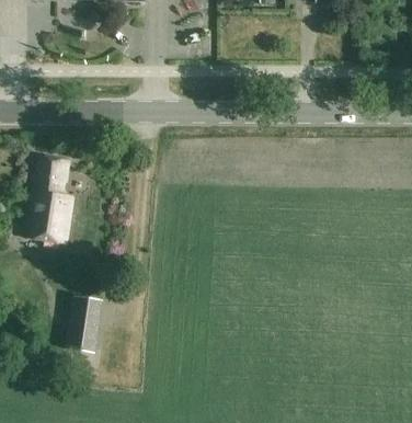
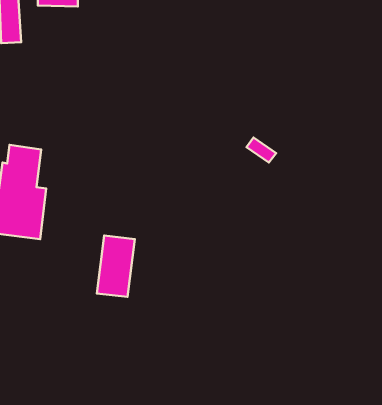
building: [66,294,101,351] -> [97,236,135,297]

